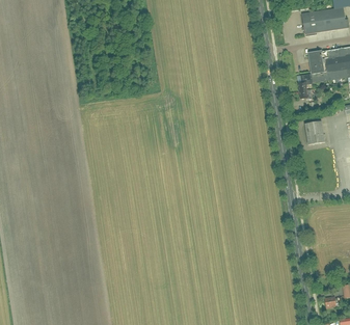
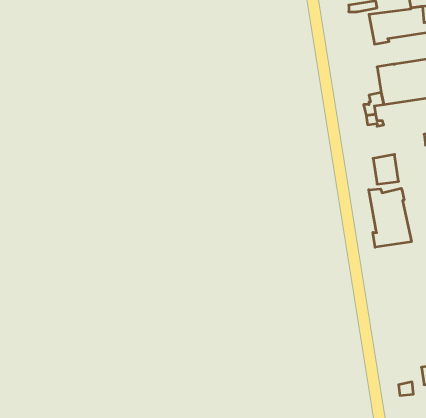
building: none -> [369,188,411,247]

